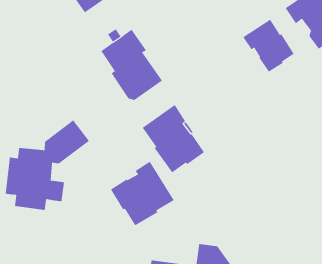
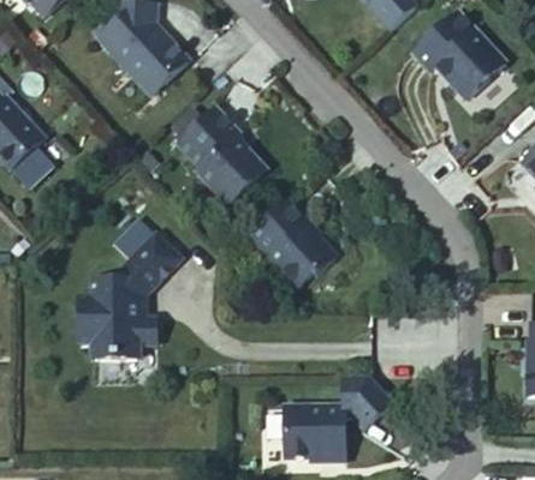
building: [242,19,294,73] -> none
building: [110,161,175,226] -> none

